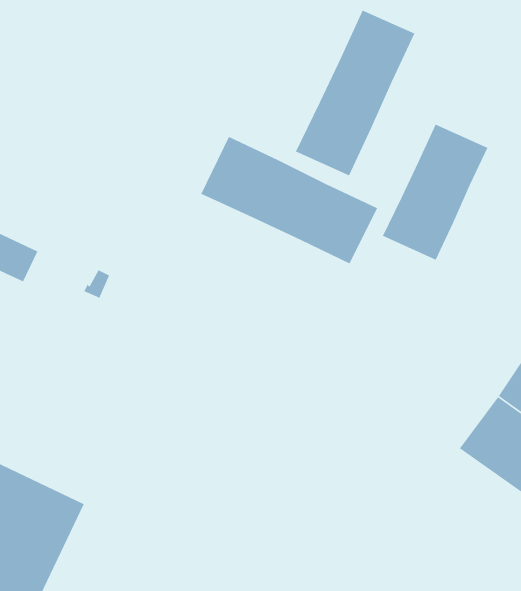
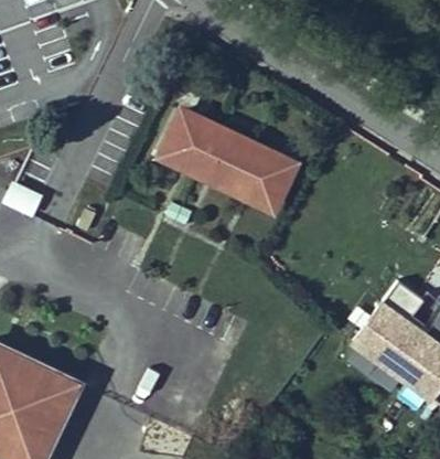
building: [295,9,416,176] -> none
building: [382,124,488,261] -> none

